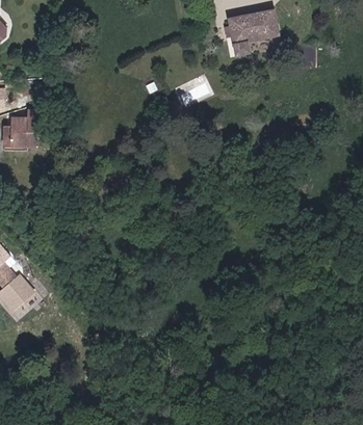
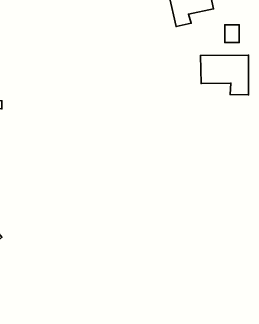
building: none -> [200,55,248,95]

